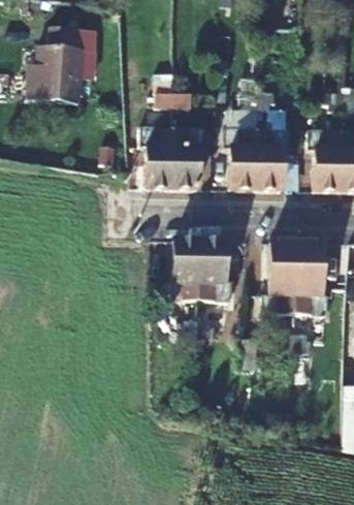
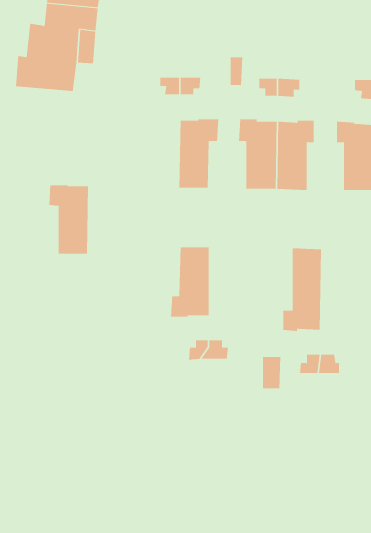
building: [137,130,172,190] -> [48,185,89,254]
building: [198,241,231,303] -> none
building: [294,243,327,315] -> none

